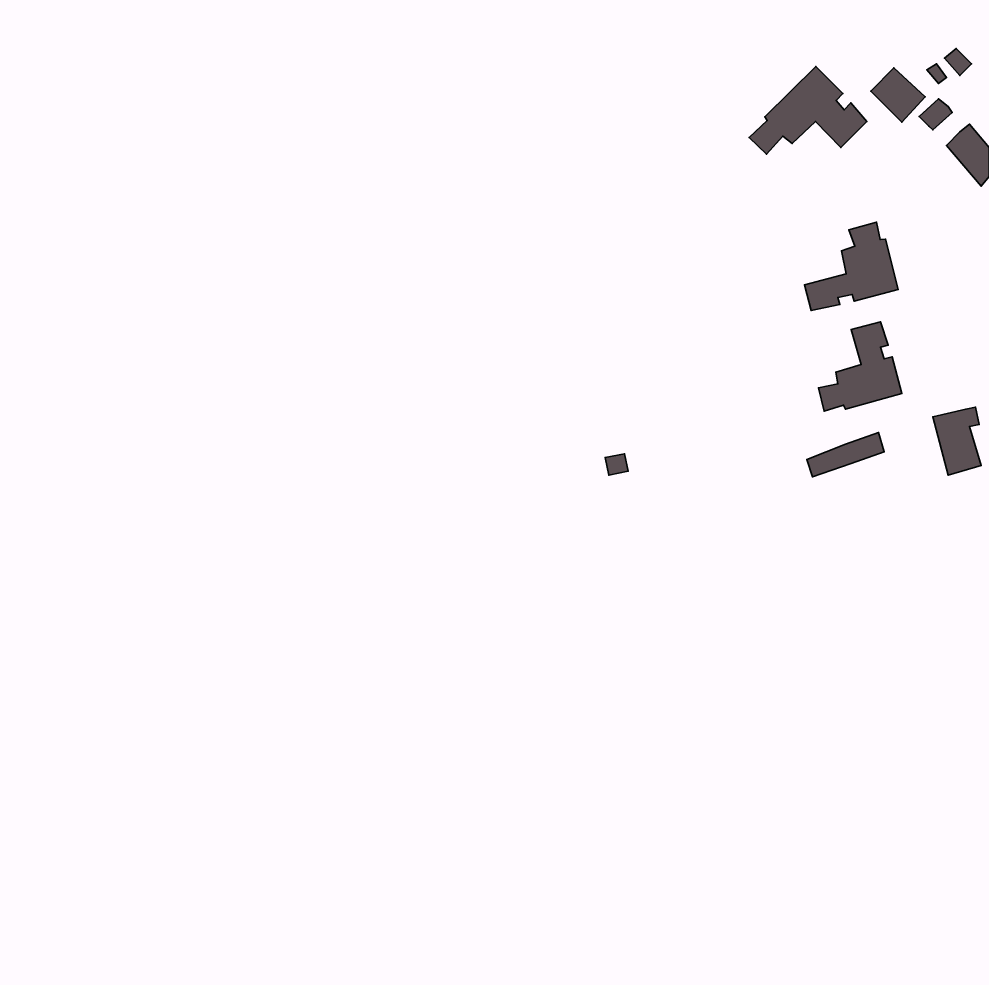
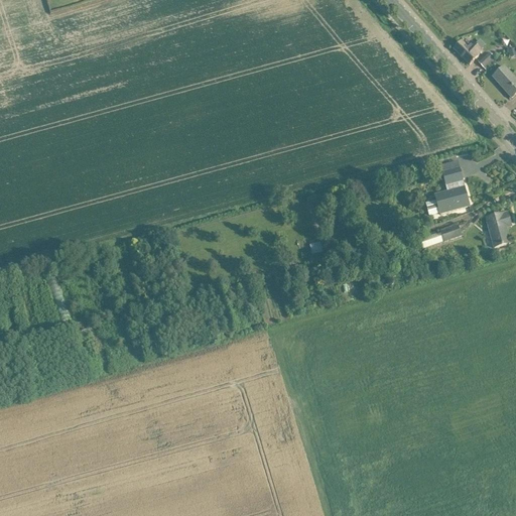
building: [749,67,867,154] -> none
building: [804,222,898,311] -> none

